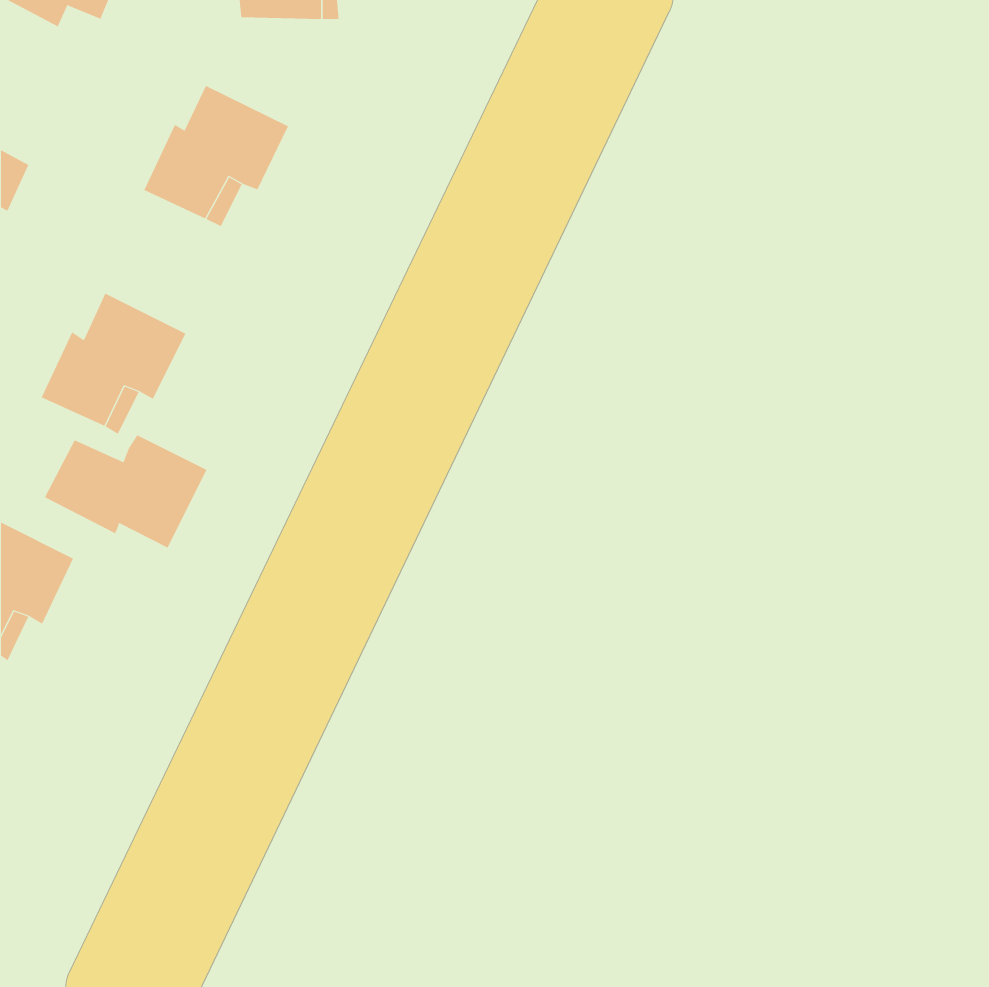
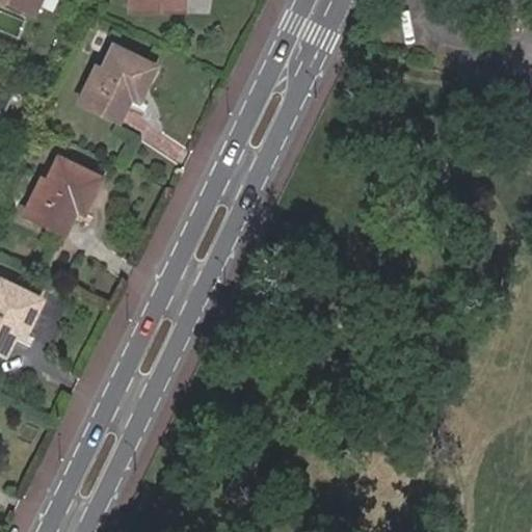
building: [44,434,207,548] -> none

